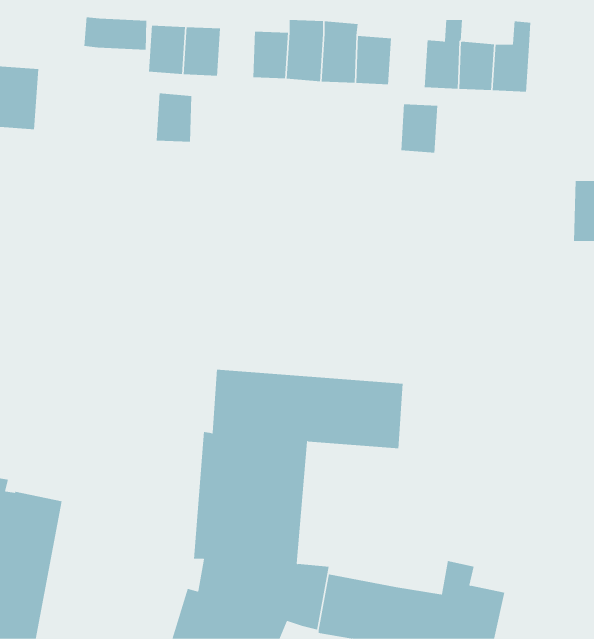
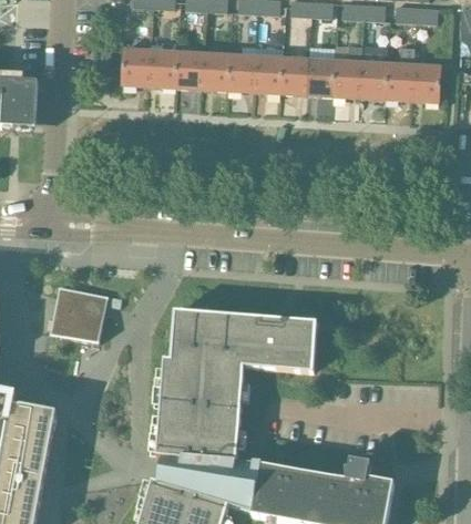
building: [84,16,147,50] -> none
building: none -> [411,65,440,103]
building: [156,93,192,142] -> [175,52,203,90]
building: [400,104,438,153] -> [306,60,335,97]
building: none -> [59,285,106,342]

